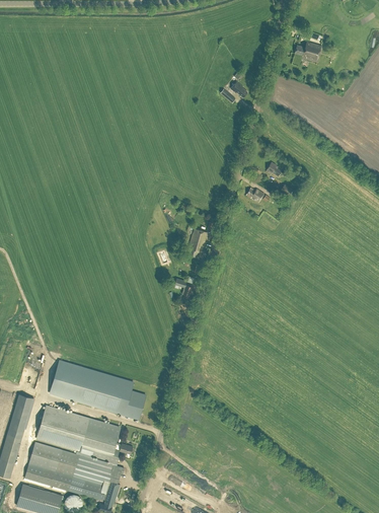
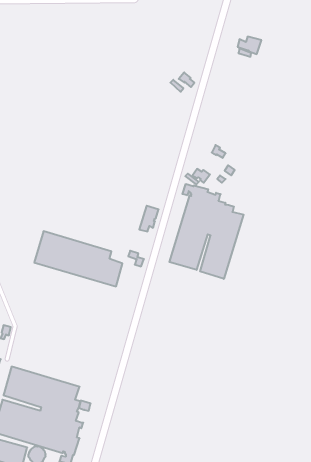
building: none -> [169,184,244,279]
building: [49,359,146,420] -> [34,231,122,286]

